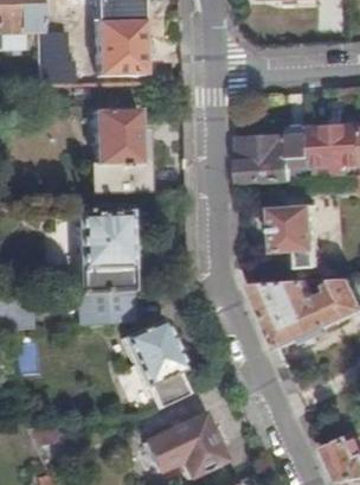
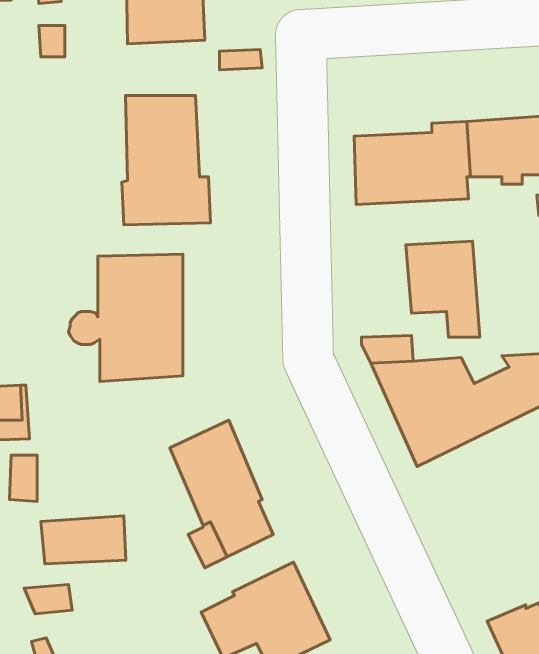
building: [77,292,131,323] -> [41,516,126,564]

